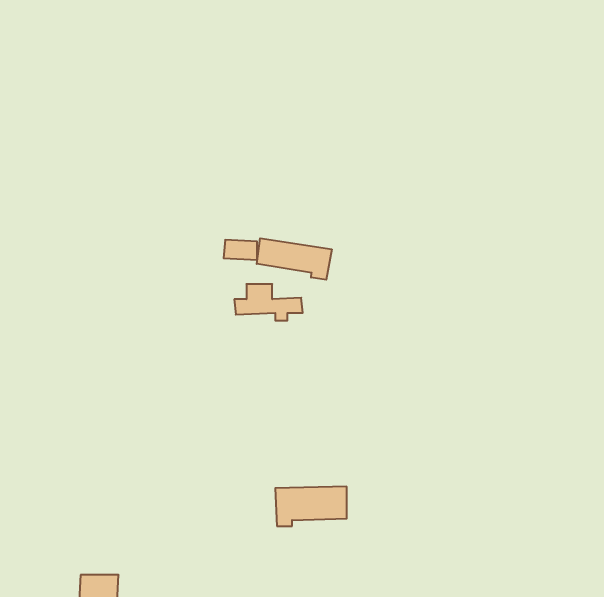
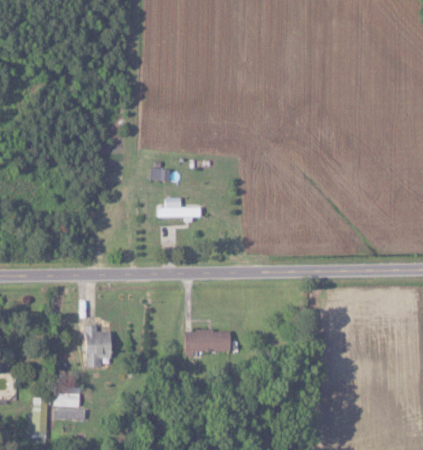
building: [257,238,332,280] -> none
building: none -> [83,326,110,367]

